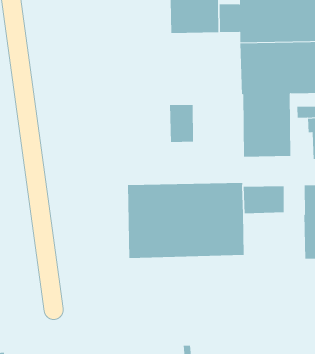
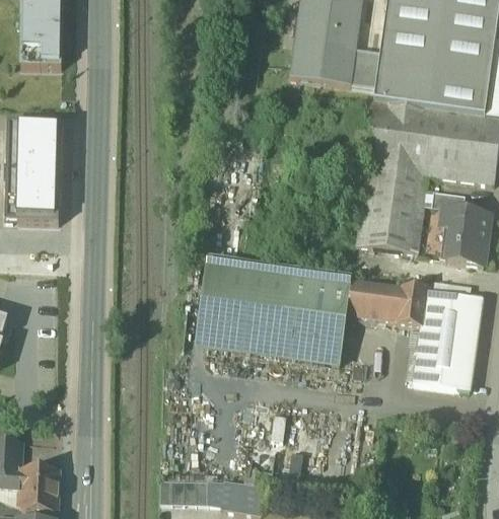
building: [170,104,193,143] -> none
building: none -> [400,285,429,326]

